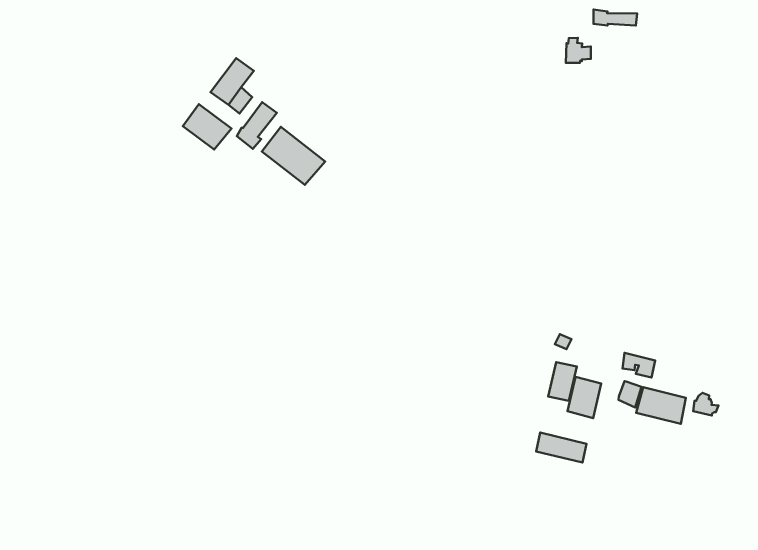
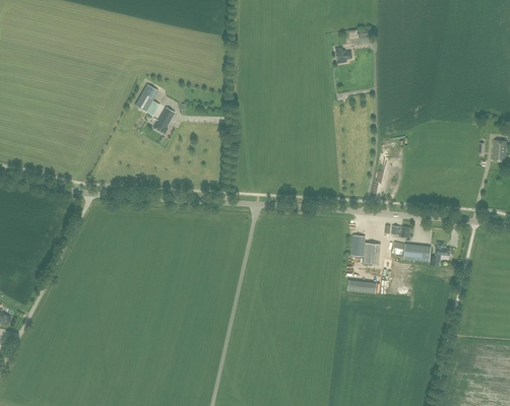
building: [183,104,231,150] -> none
building: [262,127,325,185] -> none

